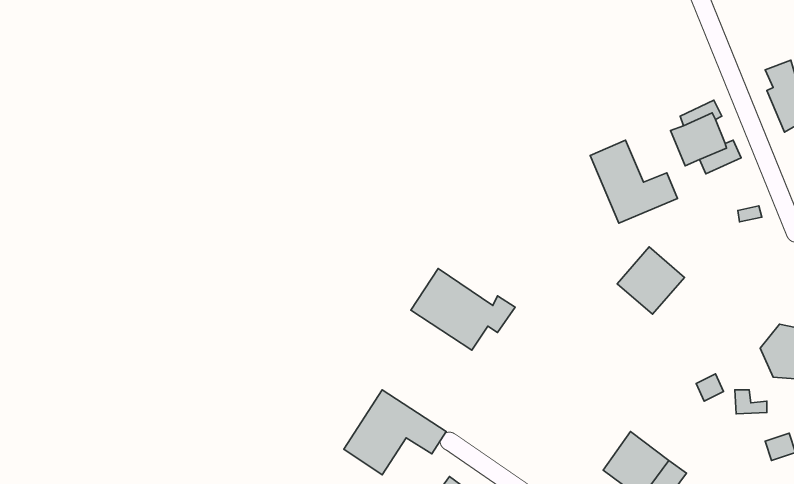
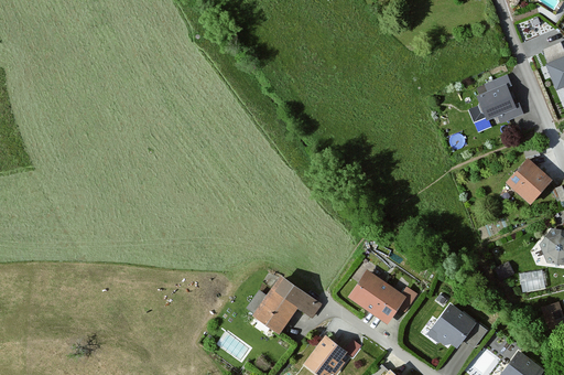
building: [590,140,678,223] -> none
building: [617,247,684,314] -> [506,159,552,205]
building: [411,269,515,350] -> [346,269,417,325]

